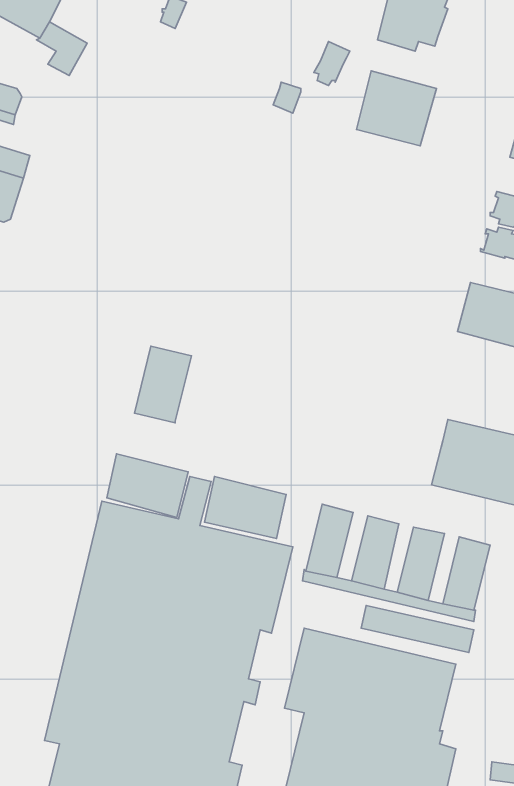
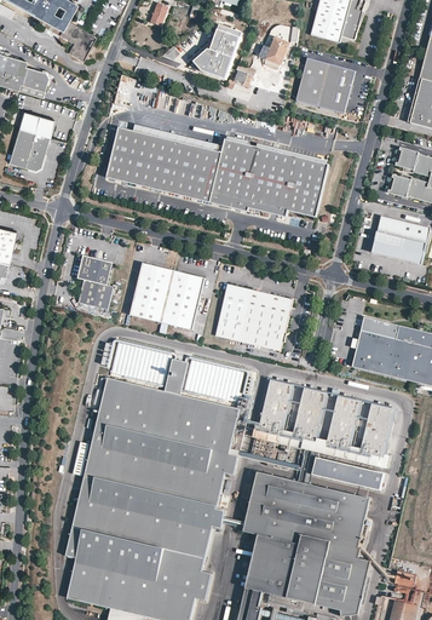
building: none -> [195,25,242,79]
building: none -> [106,126,329,217]
building: none -> [76,254,113,309]
building: none -> [161,269,203,327]
building: none -> [215,283,293,350]

